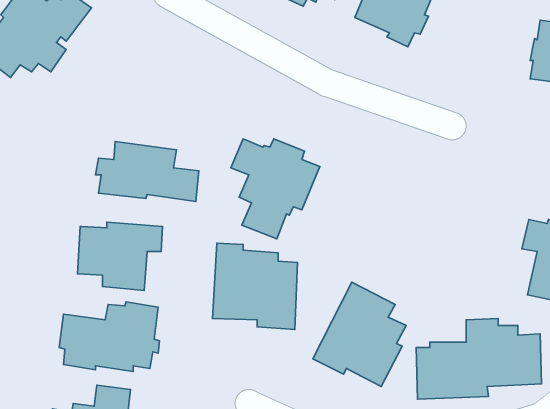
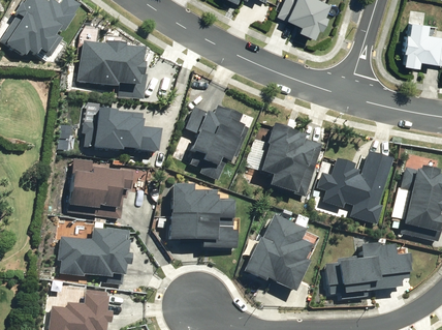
building: none -> [78,44,143,97]
building: none -> [259,121,321,197]
building: none -> [317,152,392,222]

